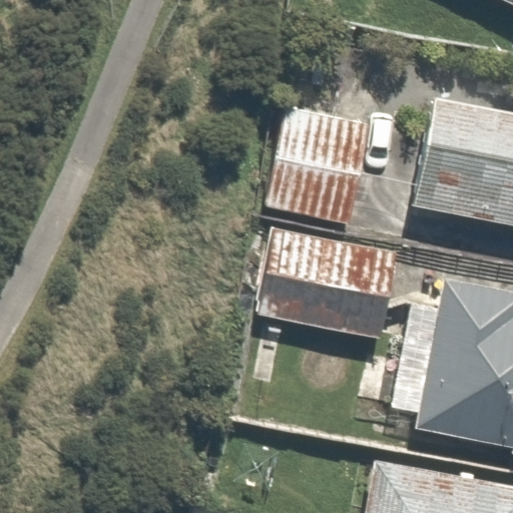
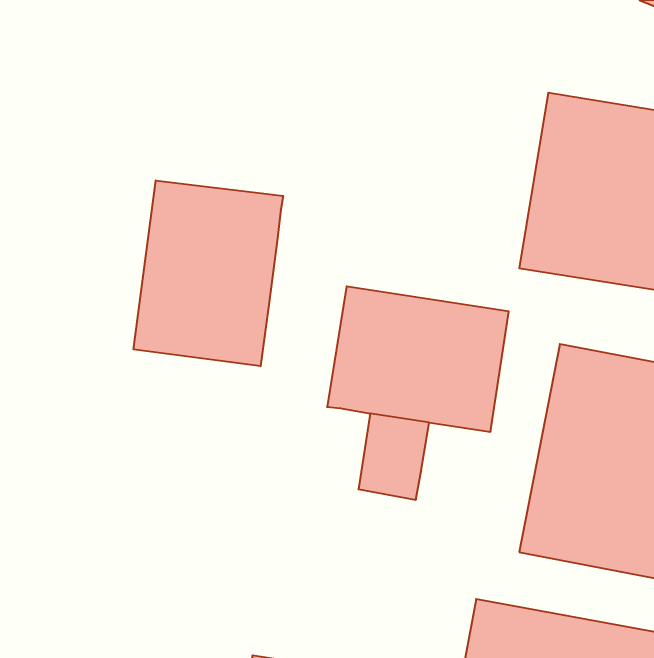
building: [270,93,374,220] -> none
building: none -> [134,180,283,366]

